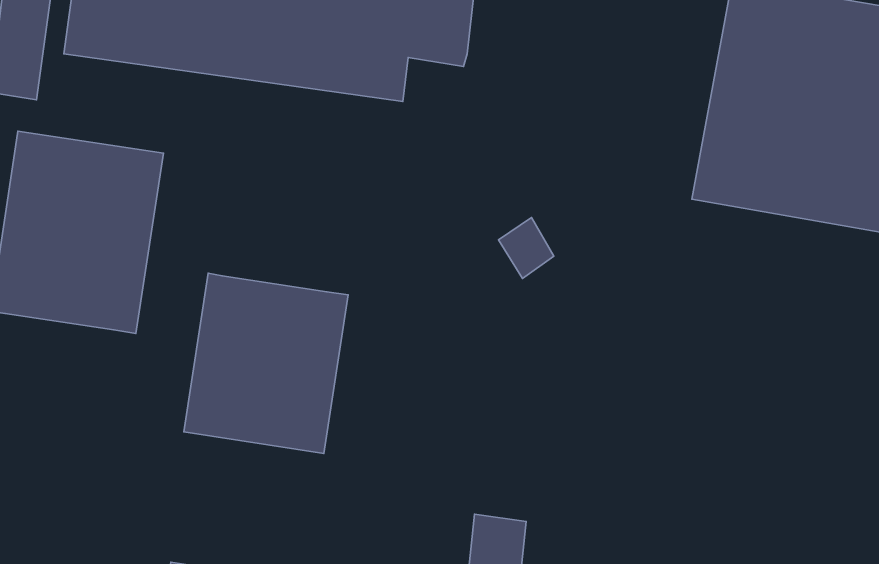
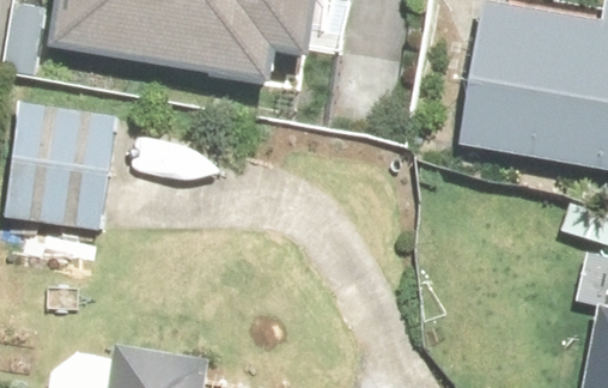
building: [184,273,348,454] -> none

